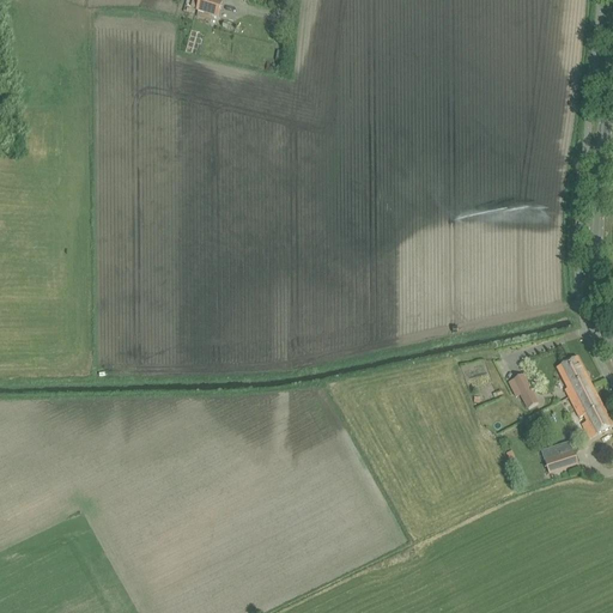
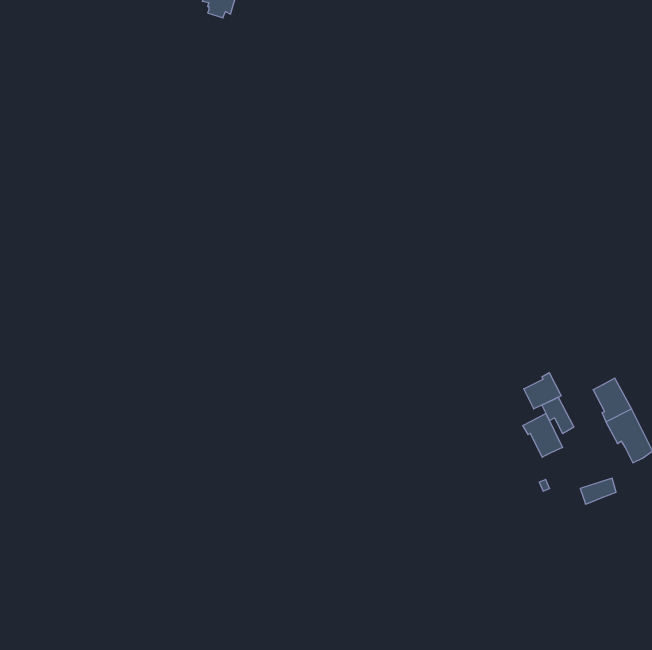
building: none -> [524,373,561,409]
building: none -> [523,413,563,457]

